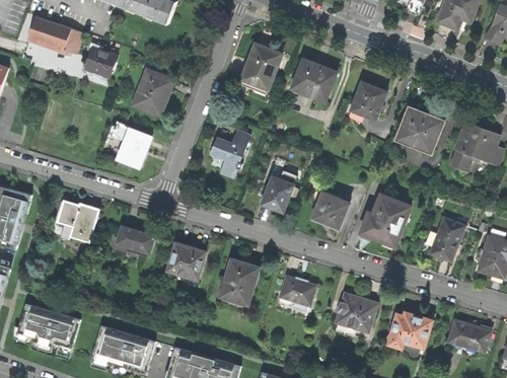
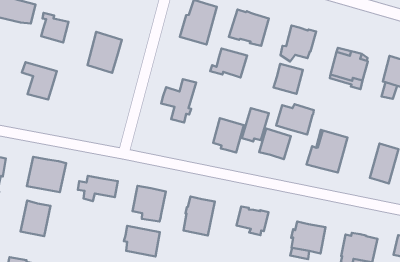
building: none -> [210,48,247,78]
building: none -> [273,64,303,94]
building: [112,121,150,164] -> [22,62,57,100]
building: none -> [242,108,269,142]
building: none -> [276,104,314,135]
building: none -> [20,200,50,236]
building: none -> [124,226,160,257]

